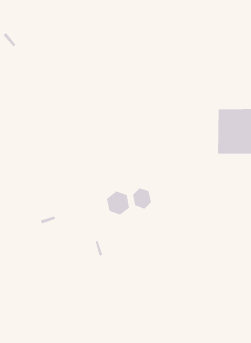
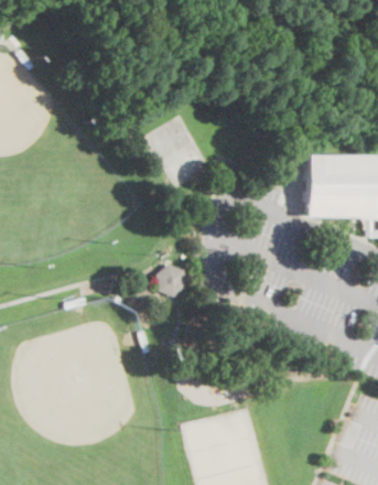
building: [133,187,151,210] -> none

